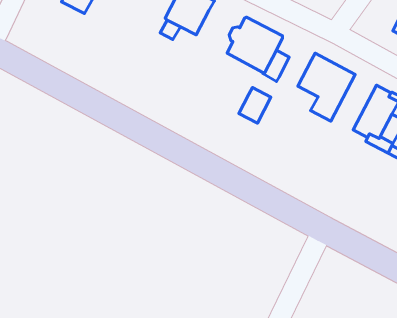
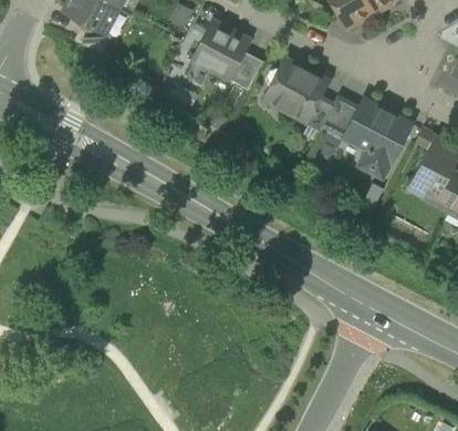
building: none -> [228,51,262,89]
building: [239,87,271,123] -> [323,96,360,137]

